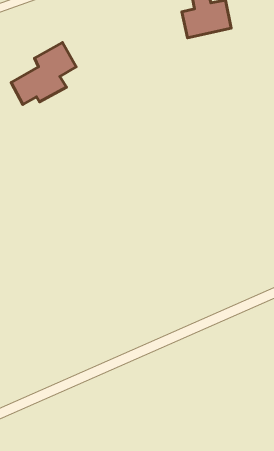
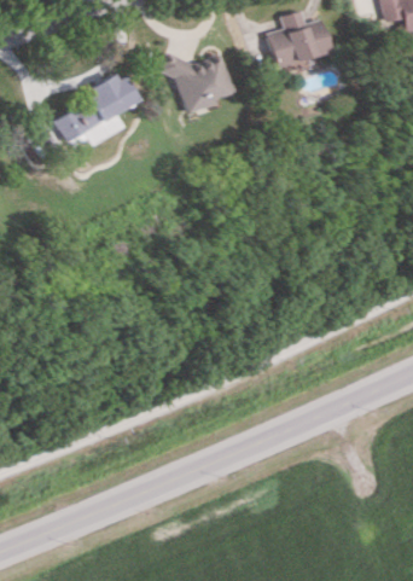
building: none -> [164,50,233,112]

